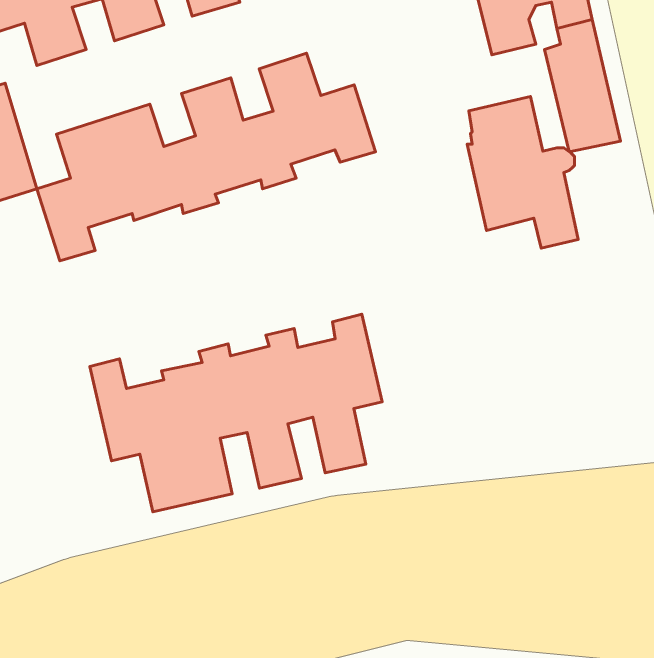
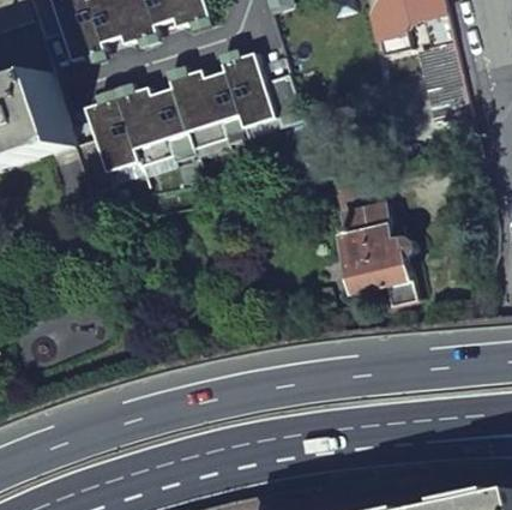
building: [467,97,578,248] -> [341,199,416,302]
building: [90,314,382,512] -> none

